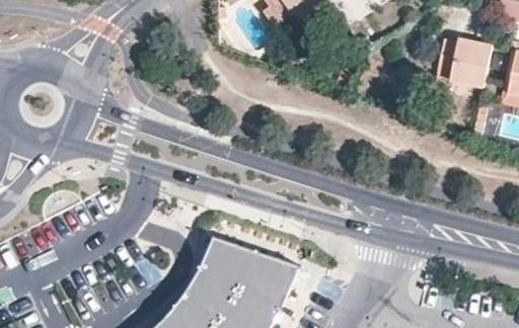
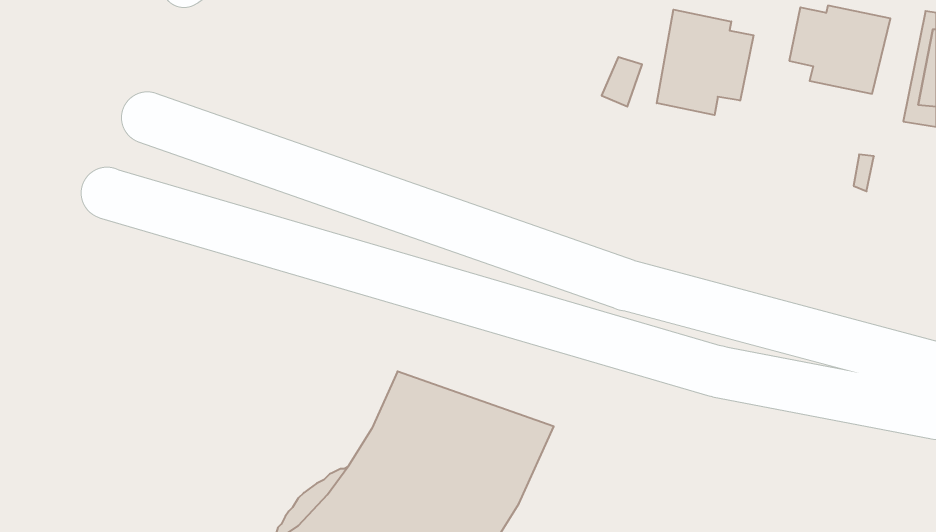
building: none -> [657,10,754,115]

